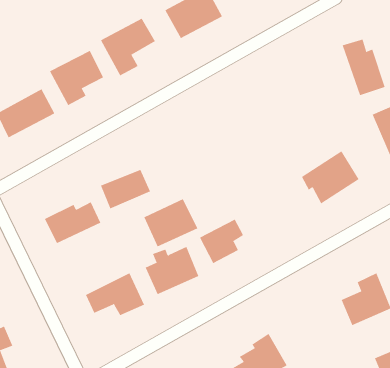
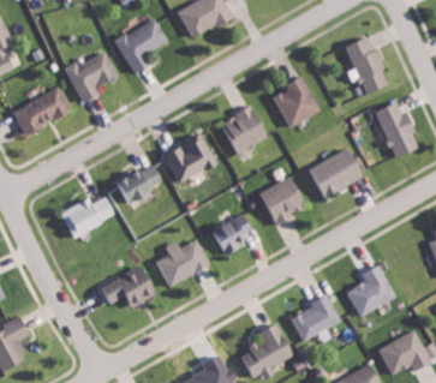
building: none -> [271,77,319,127]
building: none -> [220,106,267,152]
building: none -> [261,176,305,223]
building: [143,199,198,247] -> [162,136,215,182]
building: none -> [288,299,339,339]

